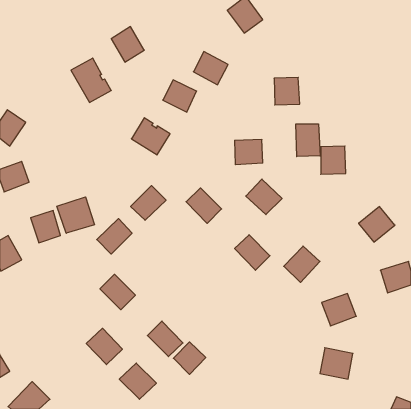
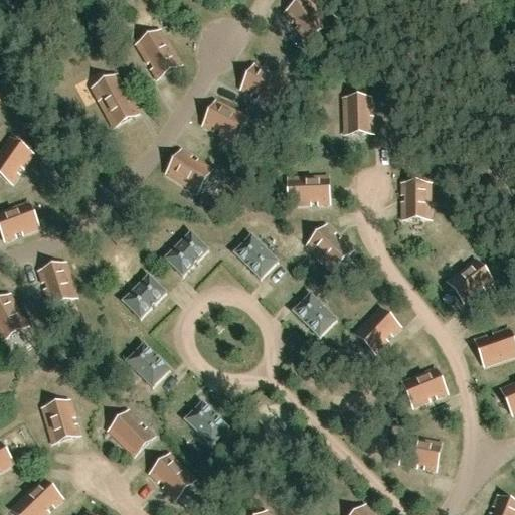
building: [296,124,320,157] -> none
building: [57,197,94,233] -> none
building: none -> [41,400,78,441]
building: [173,342,206,374] -> none

